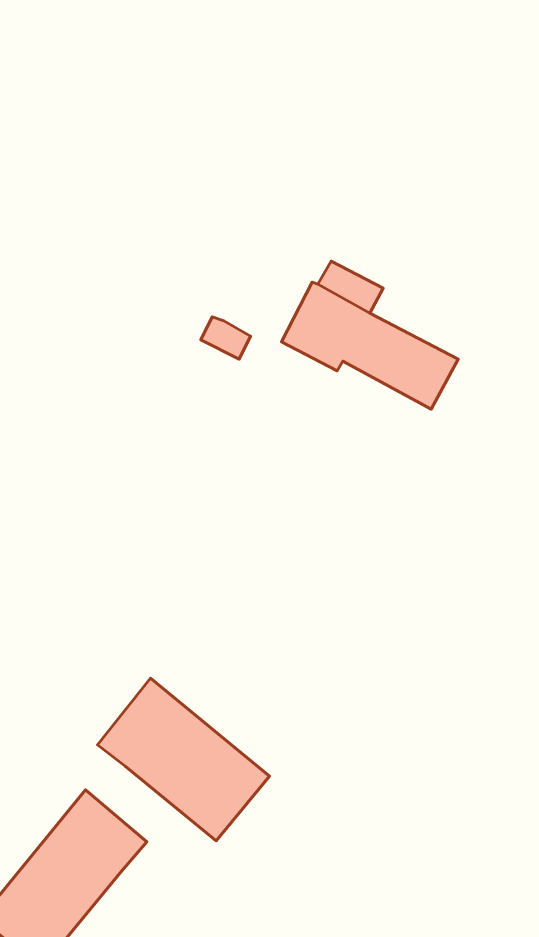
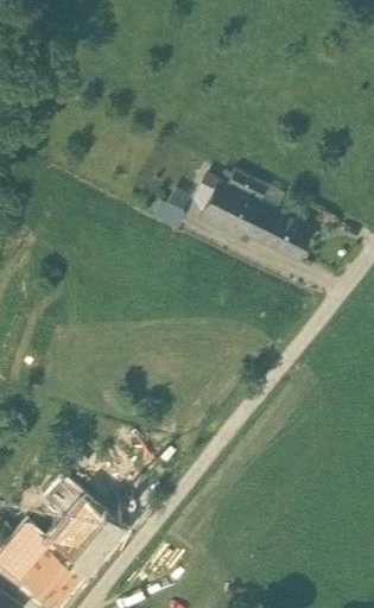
building: [97,678,270,841] -> none

